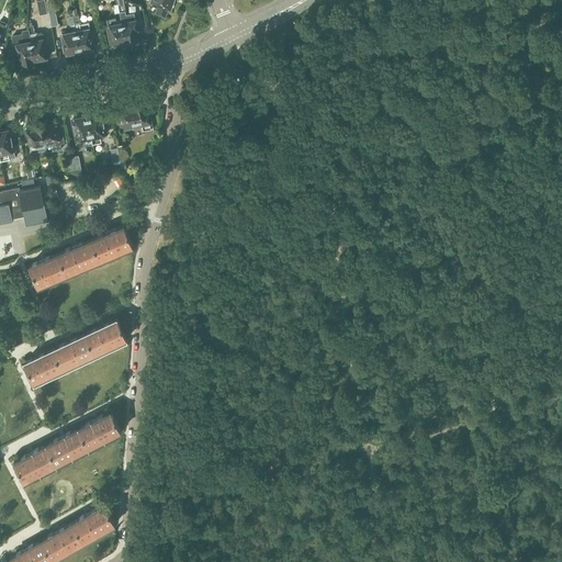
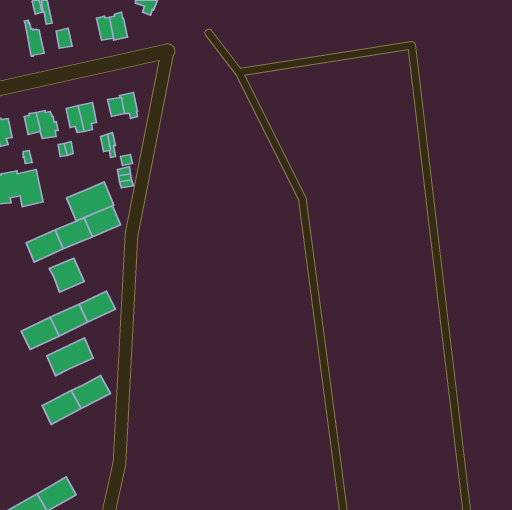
building: [71,18,93,54] -> none
building: [10,29,34,68] -> none
building: none -> [67,182,114,221]
building: none -> [49,258,84,292]
building: none -> [47,338,93,376]
building: [13,447,56,484] -> none
building: [72,507,114,544] -> none

